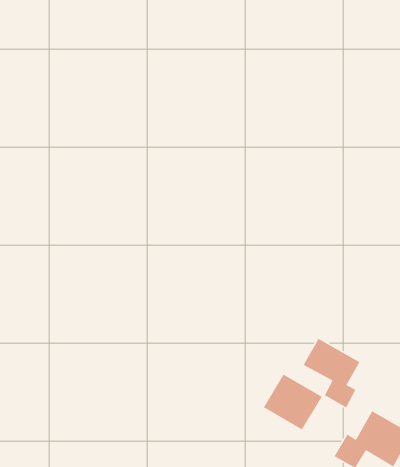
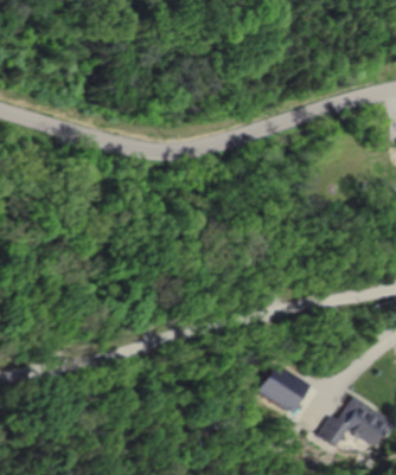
building: [303,338,360,408] -> none

